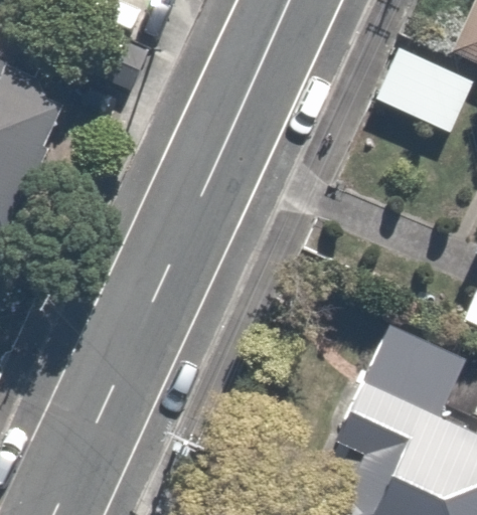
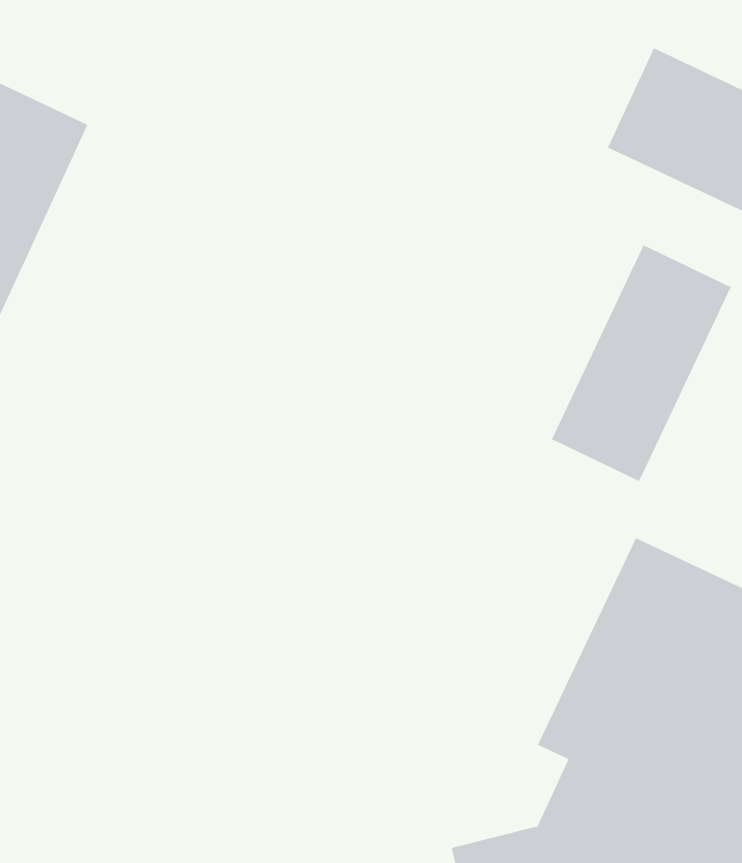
building: none -> [551,244,732,482]

